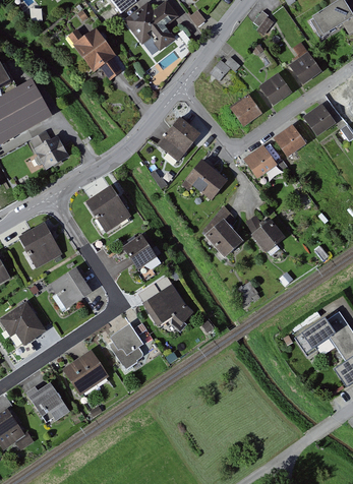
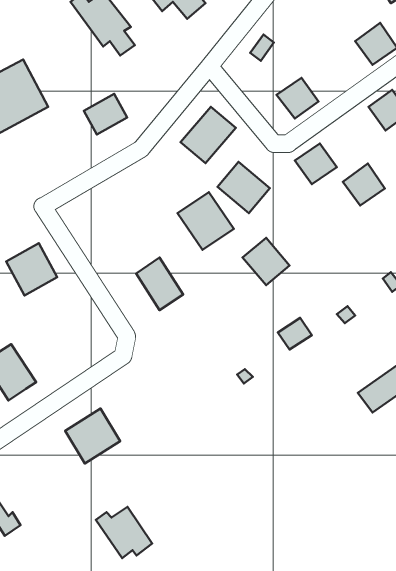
building: [260,73,293,106] -> none
building: [272,124,304,157] -> [343,163,385,205]
building: [36,137,69,169] -> [84,94,127,135]
building: [90,185,133,230] -> [177,192,234,250]
building: [249,219,284,253] -> none
building: [49,267,90,307] -> none
building: [140,285,191,326] -> none
building: [108,323,152,368] -> none
building: [23,383,67,423] -> [96,507,152,558]

